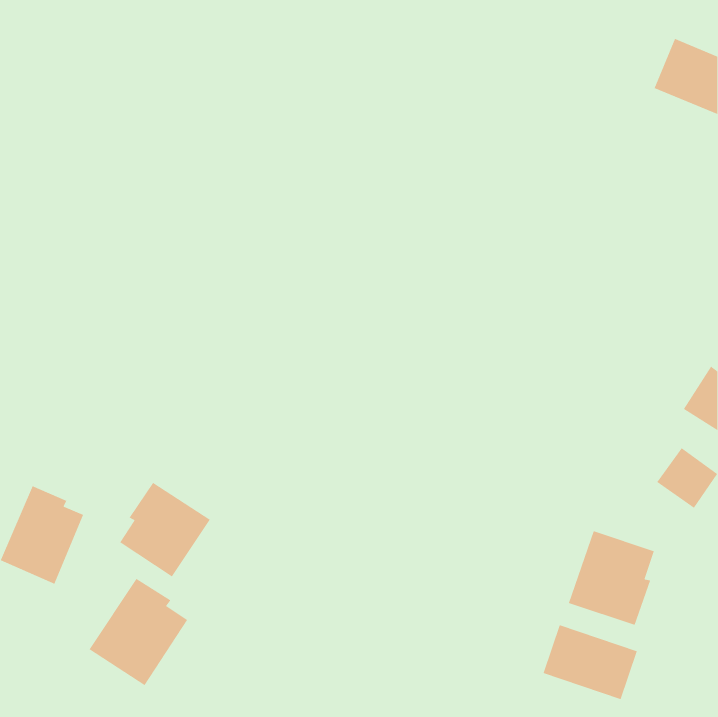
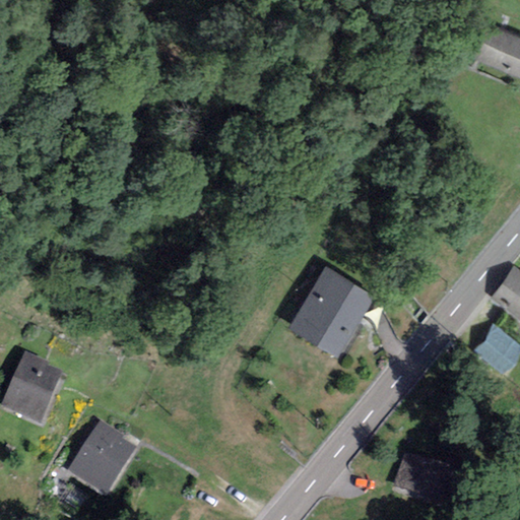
building: none -> [294,266,374,352]
building: [119,482,211,578] -> none
building: [568,530,655,626] -> none

